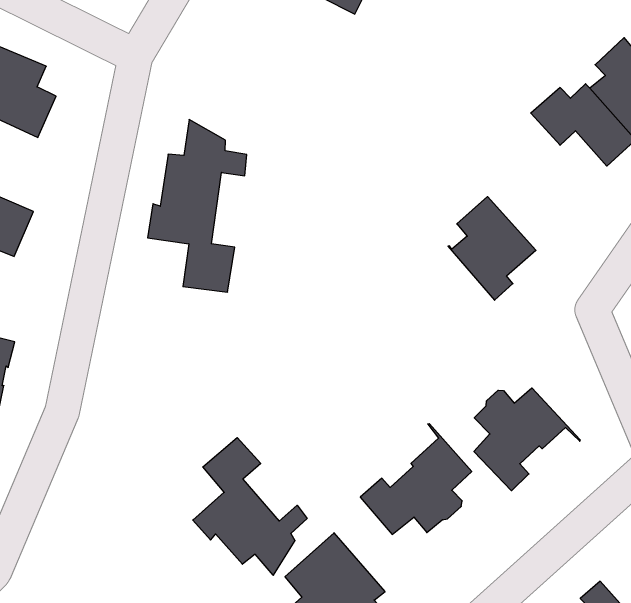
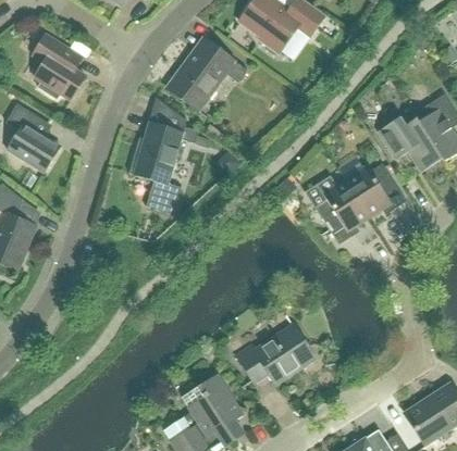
building: none -> [166,48,247,110]
building: none -> [344,162,407,216]
building: [474,388,580,491] -> none
building: [193,438,307,575] -> none

